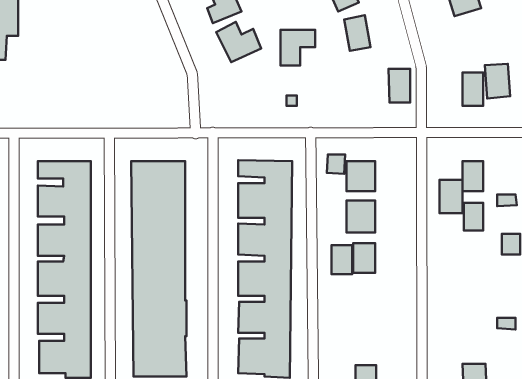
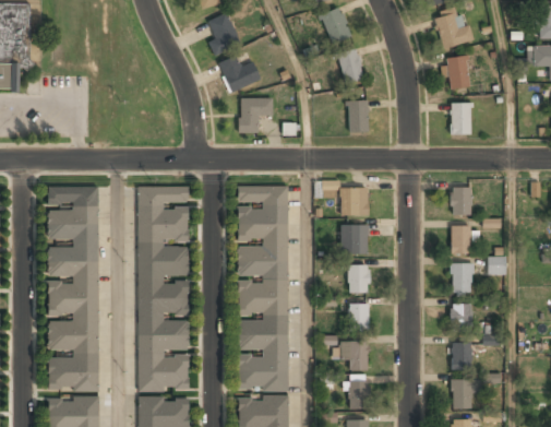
building: [281,30,315,65] -> [239,99,272,133]
building: [485,64,510,99] -> [445,57,469,90]
building: [388,69,410,102] -> [347,99,368,131]
building: [440,180,463,213] -> [451,263,472,295]
building: [332,245,352,274] -> [348,304,368,331]
building: none -> [450,304,470,325]
building: none -> [337,340,368,369]
building: none -> [452,343,470,371]

